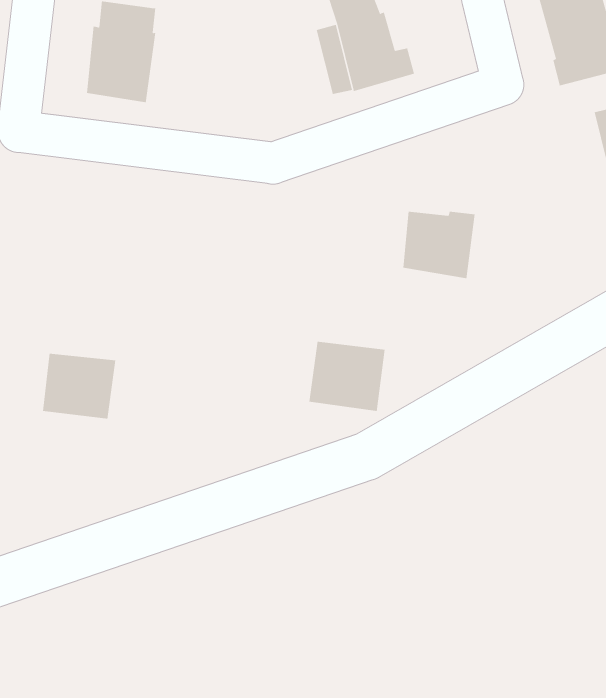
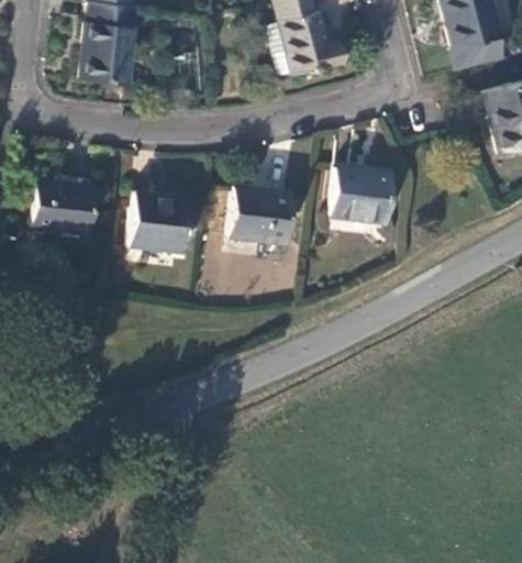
building: none -> [129,191,188,252]
building: [309,341,386,411] -> [227,186,289,242]
building: [42,353,116,419] -> [29,180,88,233]

